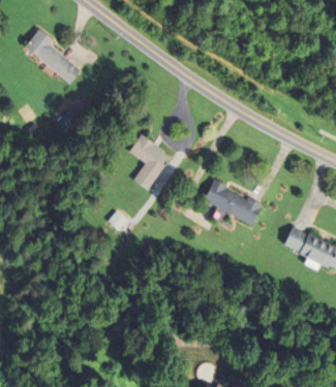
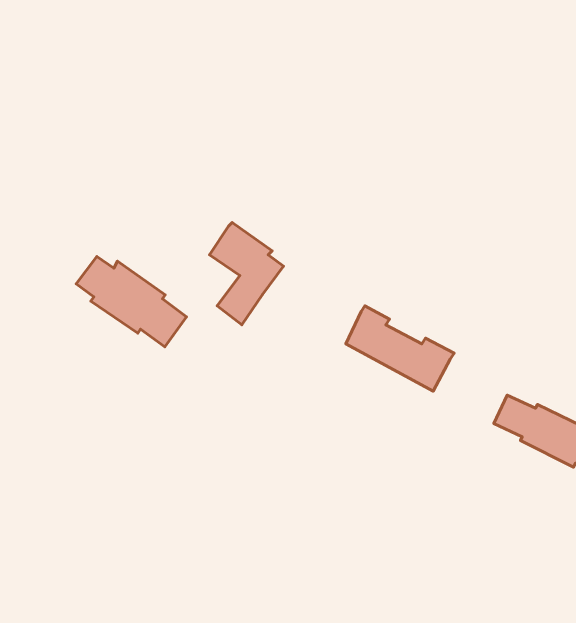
building: [25,29,81,83] -> none
building: none -> [76,257,187,347]

